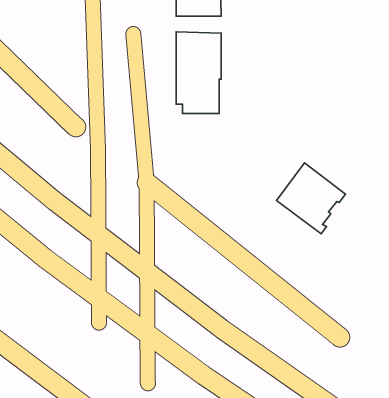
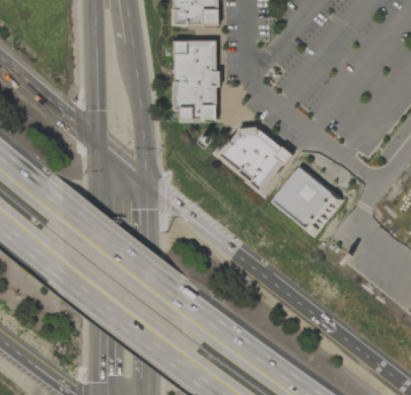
building: none -> [217,121,289,190]

